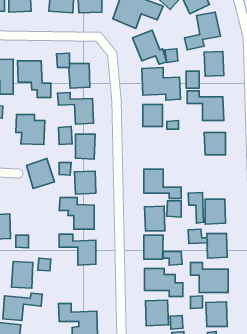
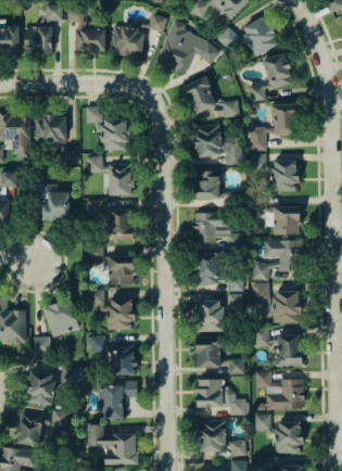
building: none -> [193,211,243,250]
building: [26,159,55,189] -> [43,298,79,336]
building: none -> [252,240,301,280]
building: none -> [103,381,137,418]

